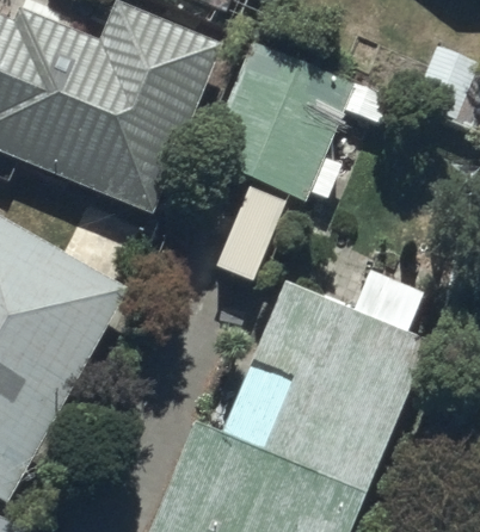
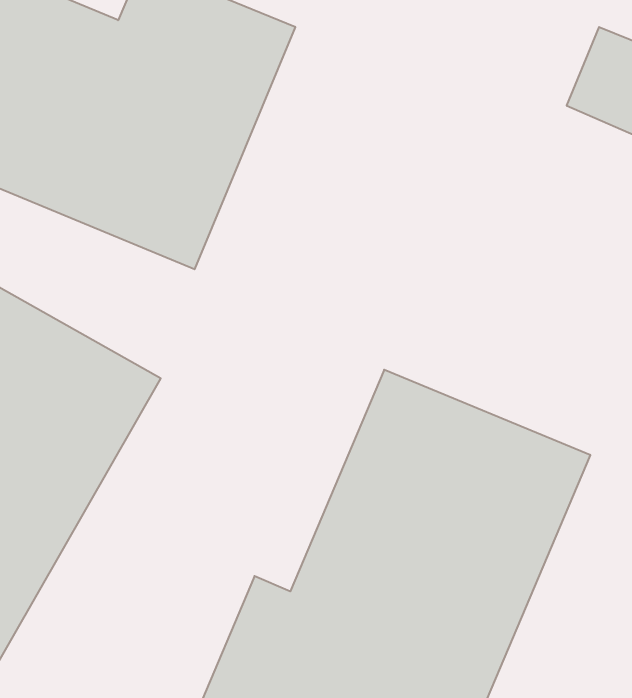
building: [203,42,353,198] -> none

